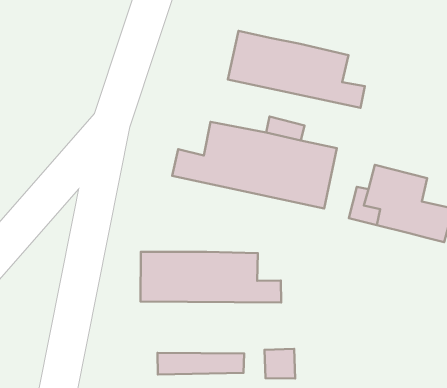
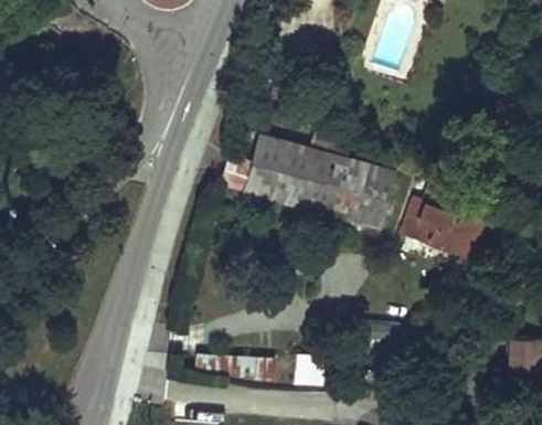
building: [228,31,365,108] -> none
building: [140,252,281,303] -> none

